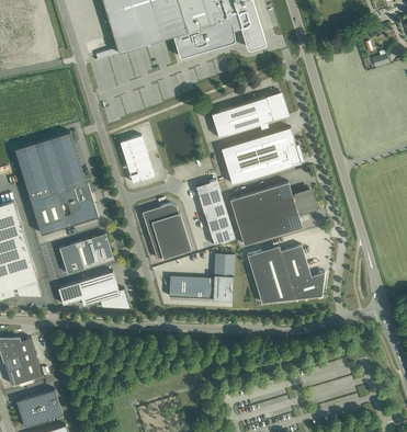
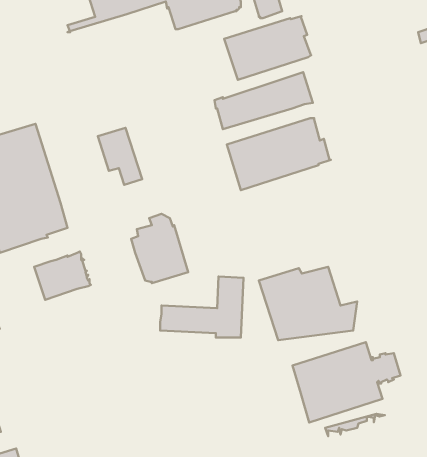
building: none -> [224,16,311,80]
building: [194,180,234,246] -> none
building: [229,182,315,246] -> [292,342,401,423]
building: [57,272,127,307] -> none

